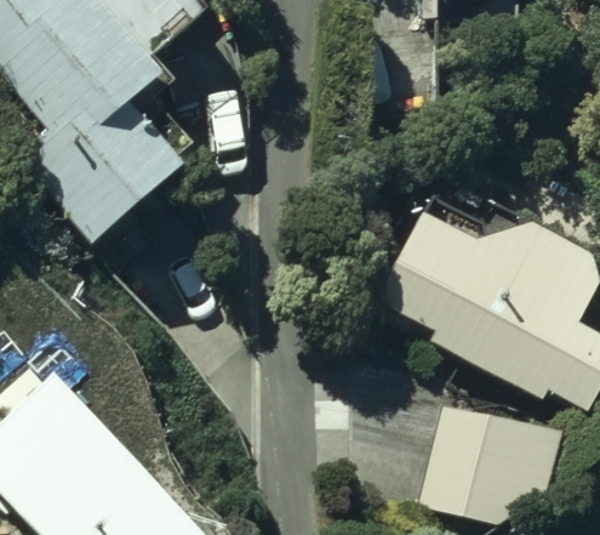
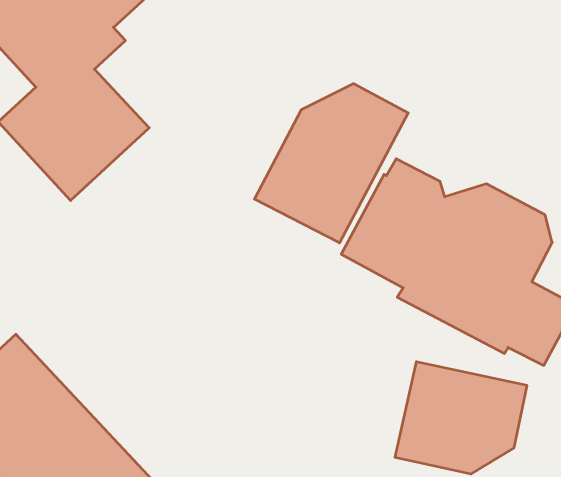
building: none -> [254,84,408,243]

